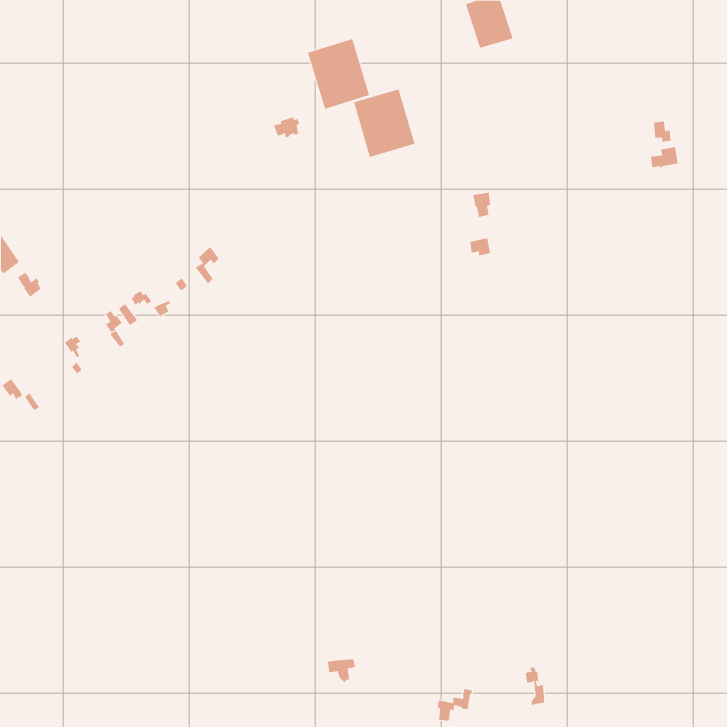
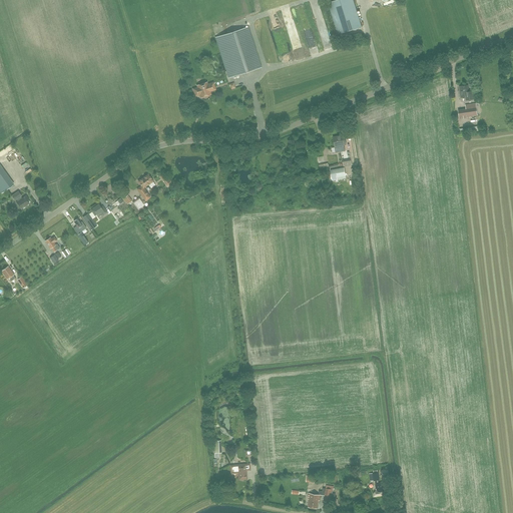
building: [353,88,415,158] -> none

